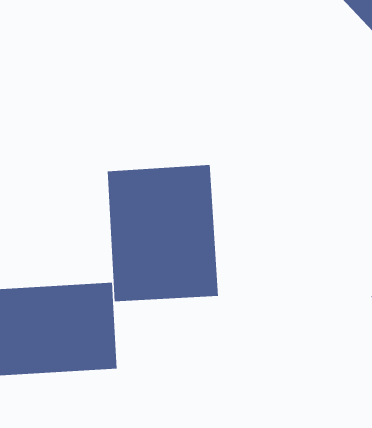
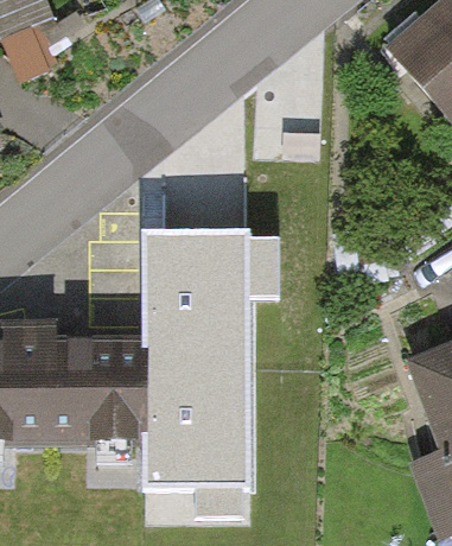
building: none -> [145,361,253,482]

